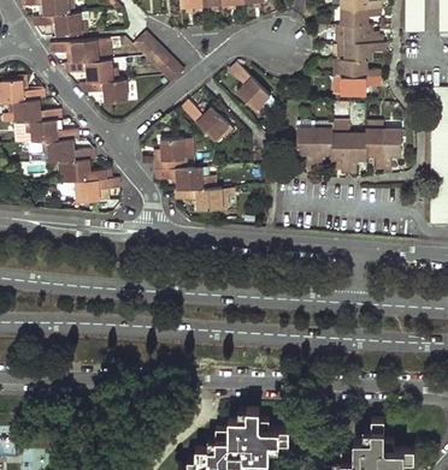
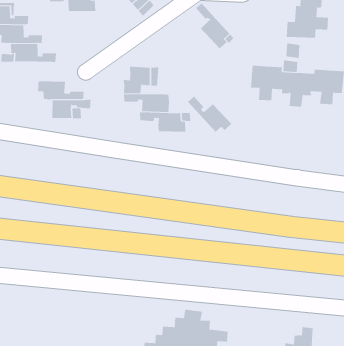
building: [81,78,128,101] -> none
building: [181,100,232,139] -> [187,96,232,133]
building: [41,139,94,162] -> none

